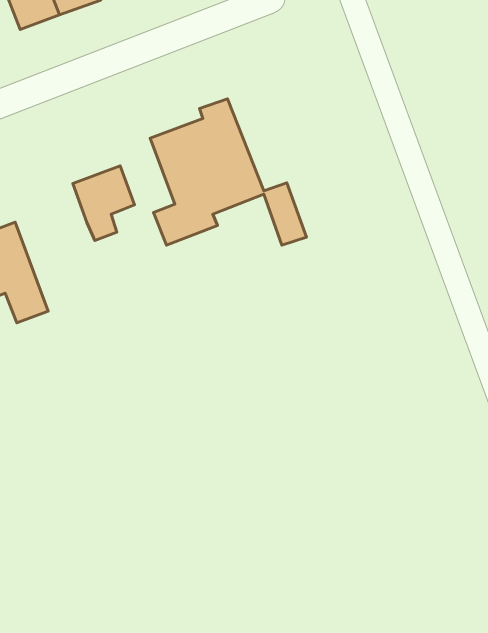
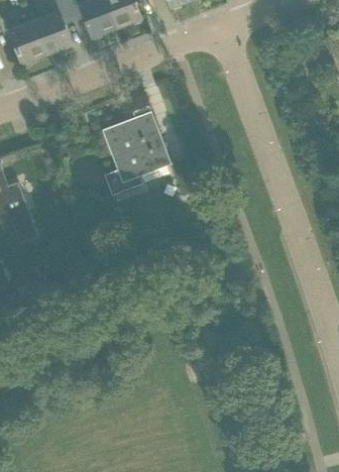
building: [73,166,134,240] -> none

